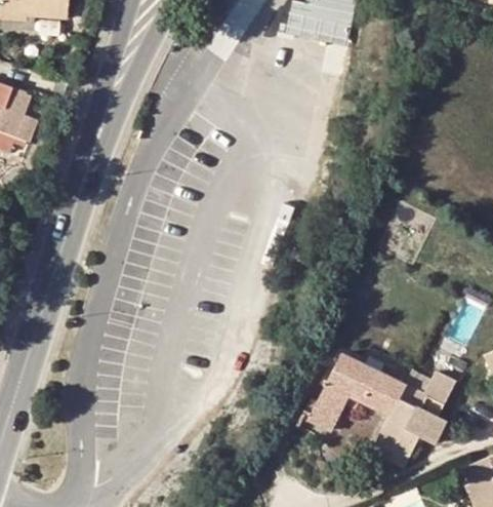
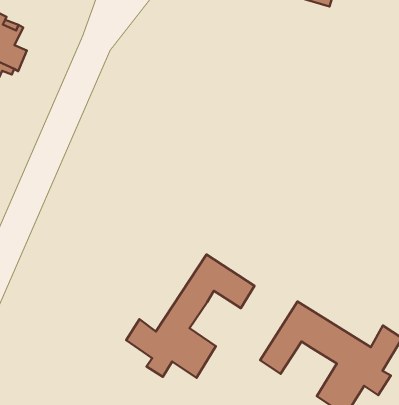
building: none -> [126,255,255,378]

